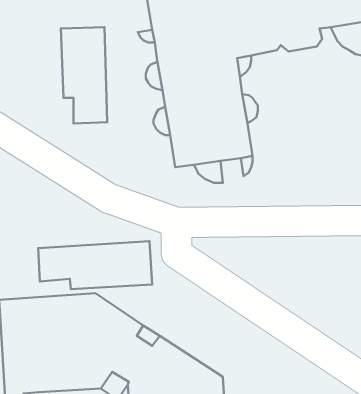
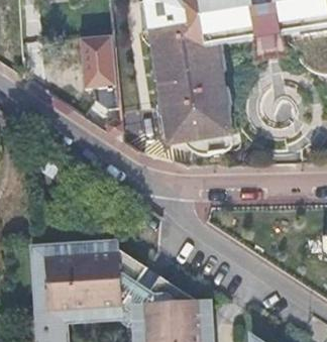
building: [38,241,152,289] -> none

